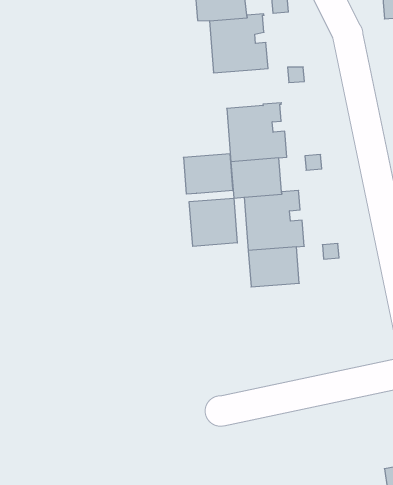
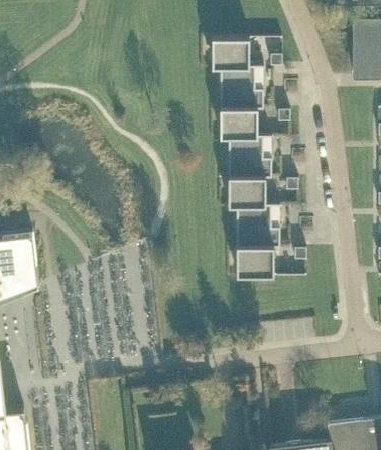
building: [183,154,233,194] -> [220,109,256,137]
building: [189,198,237,246] -> none

